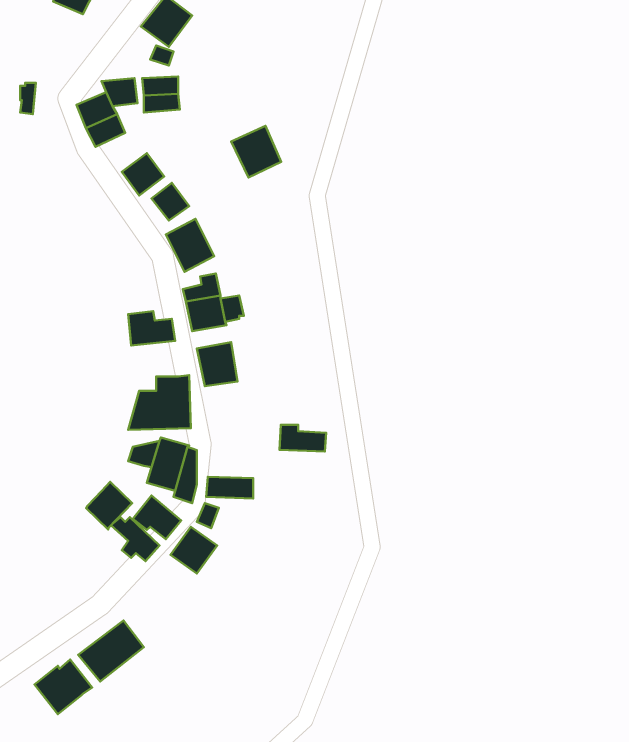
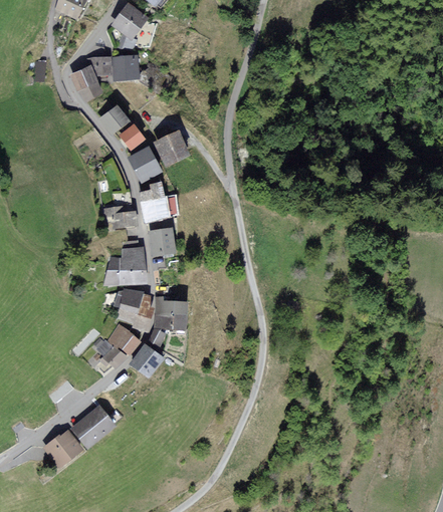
building: [231,126,281,177] -> [155,132,187,165]
building: [279,425,326,452] -> [156,297,186,314]
building: [86,482,132,530] -> none

